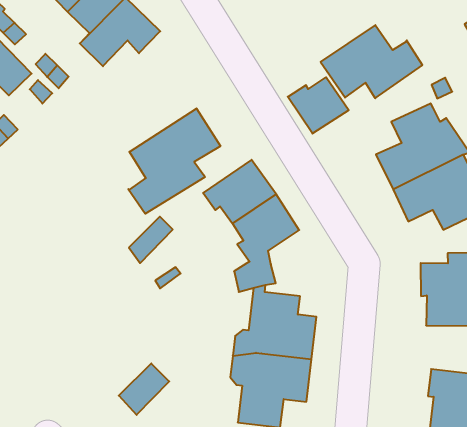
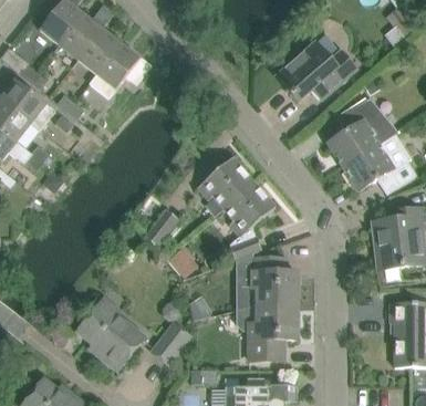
building: [288,77,349,134] -> none
building: [128,108,220,214] -> none
building: none -> [77,302,144,371]

